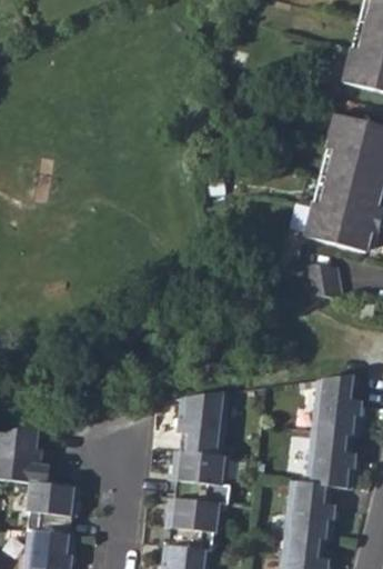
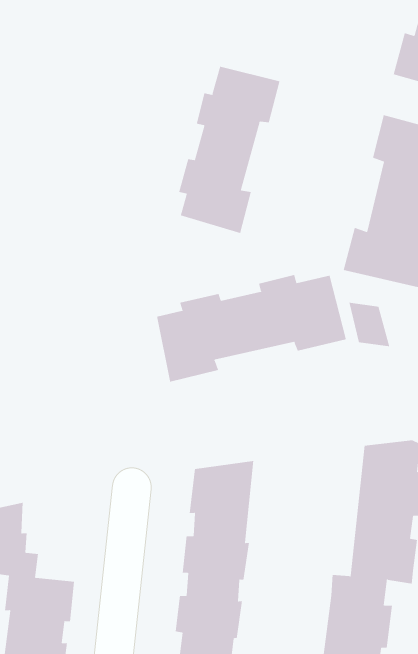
building: none -> [178,66,280,234]
building: none -> [157,274,346,382]

